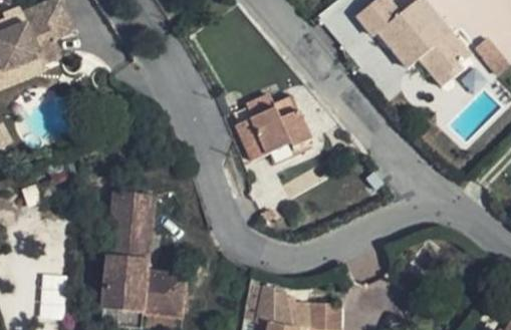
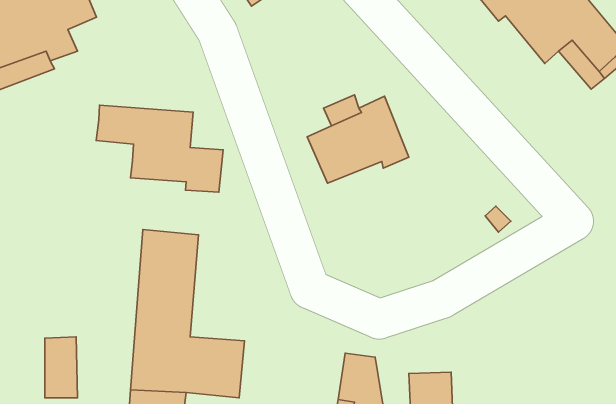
building: none -> [96,105,223,192]

